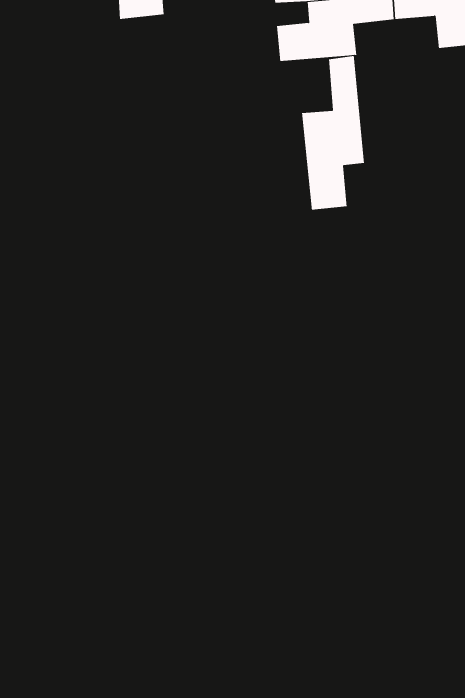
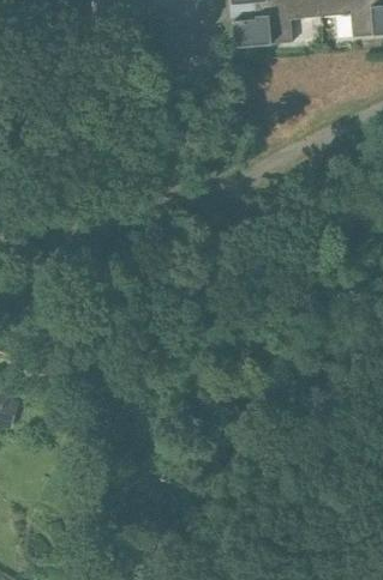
building: [301,55,365,210] -> none

